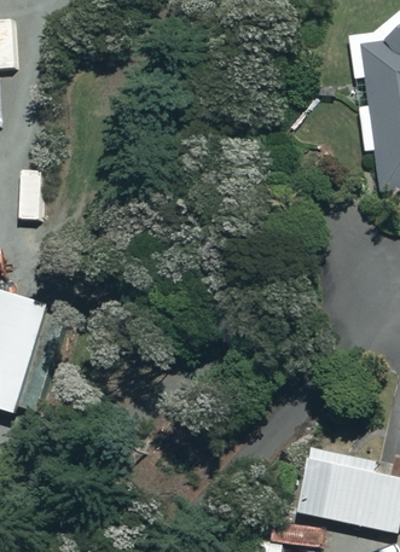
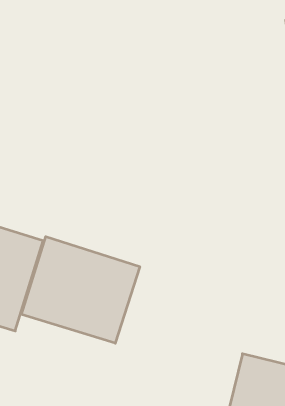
building: none -> [22,237,140,343]

